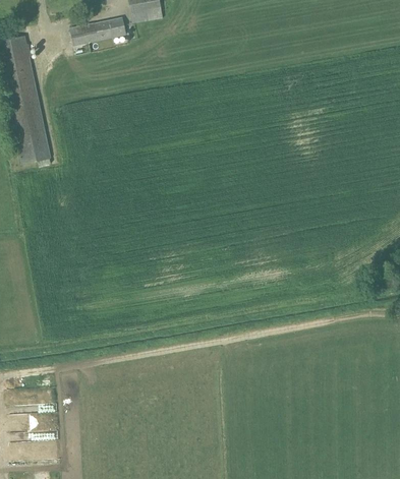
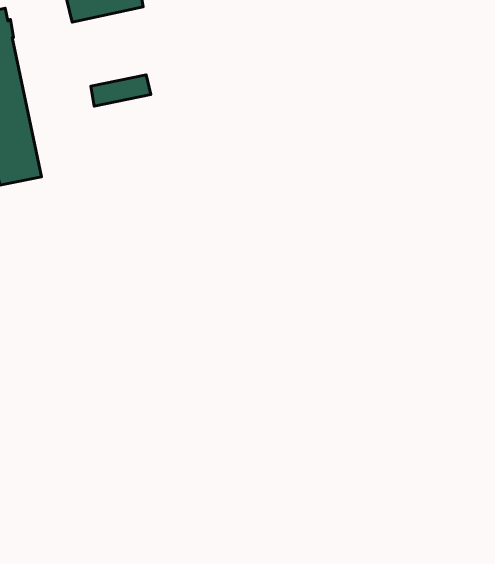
building: none -> [91,75,151,106]

